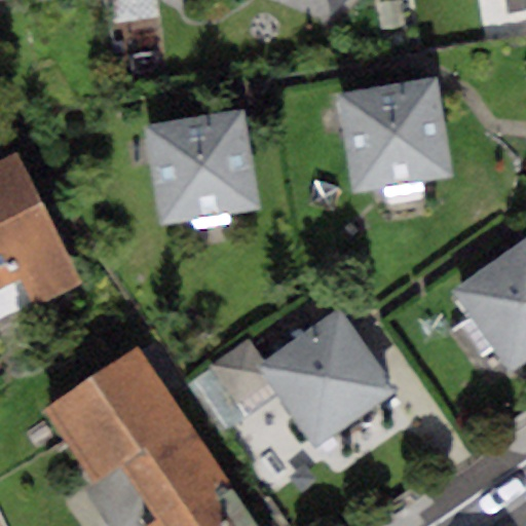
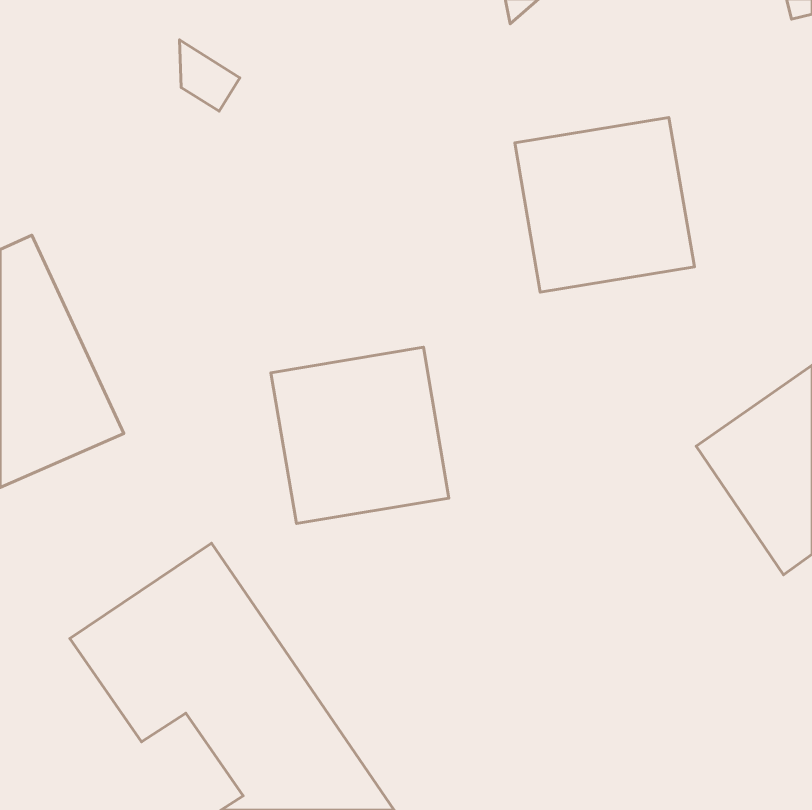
building: [145,110,260,224] -> [271,347,449,524]
building: [213,310,397,451] -> none

